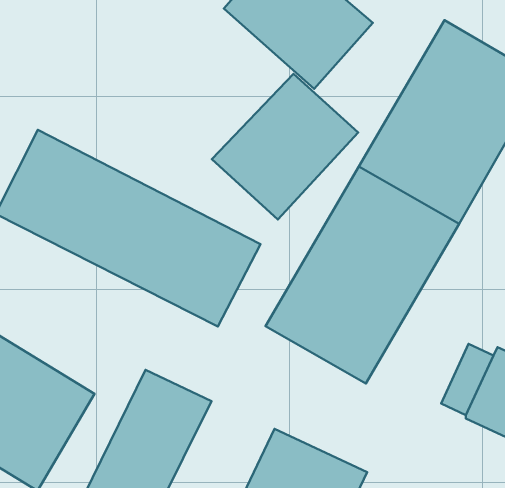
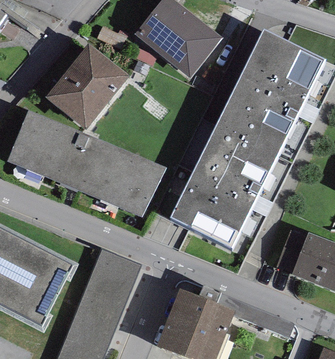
building: [212,74,358,219] -> [44,47,129,133]

